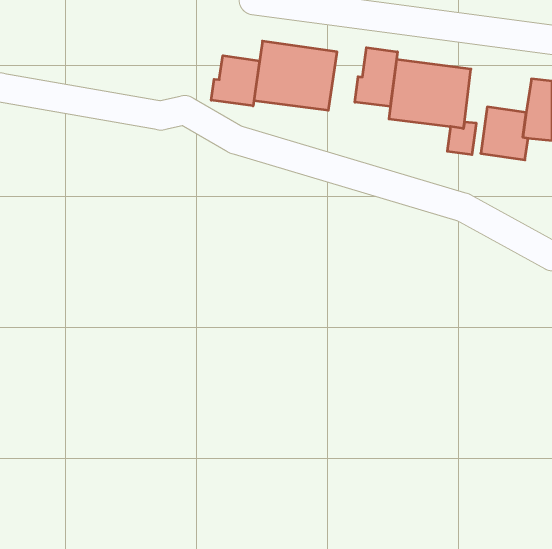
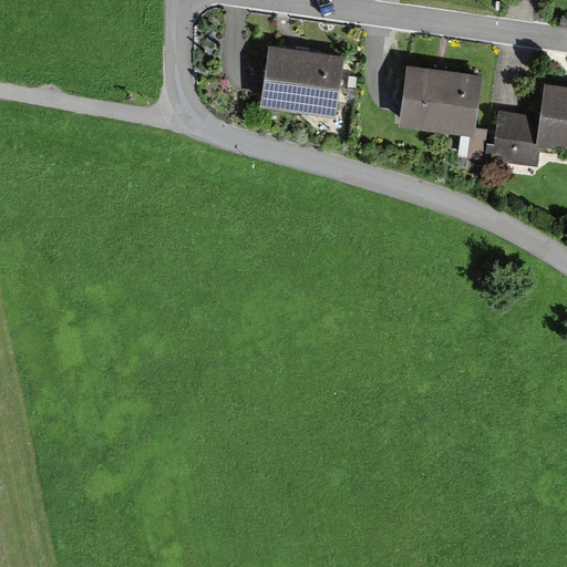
building: [355,48,397,107] -> none
building: [211,56,260,106] -> none

